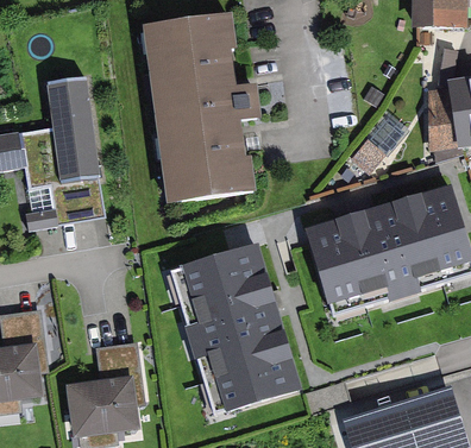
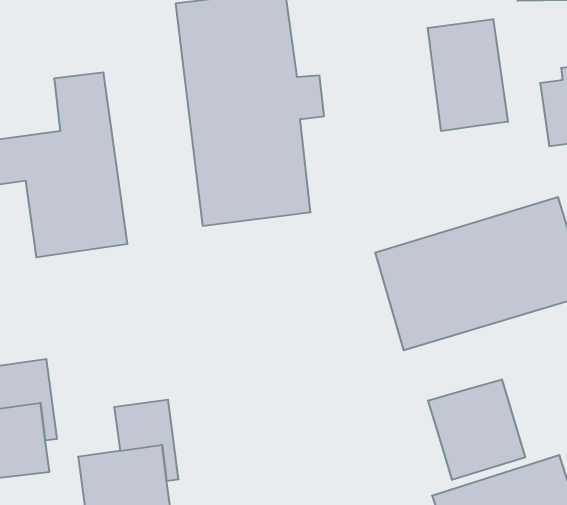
building: none -> [428,19,508,131]
building: [182,239,303,410] -> none
building: none -> [428,379,525,480]

